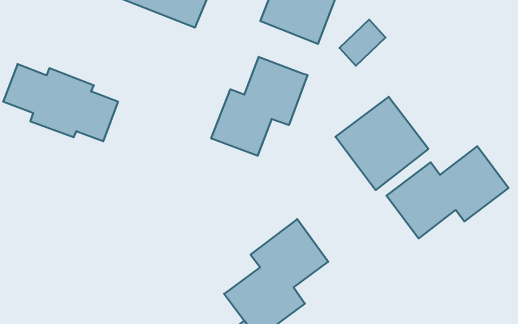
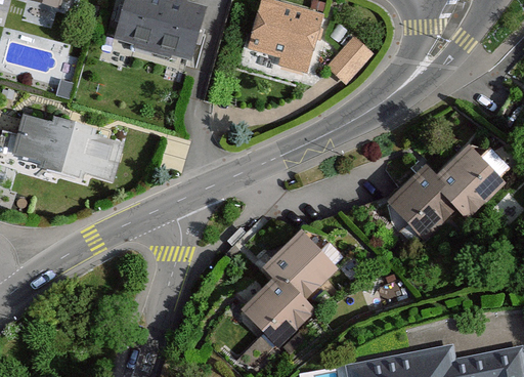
building: [211,57,308,156] -> none
building: [335,97,428,190] -> none

